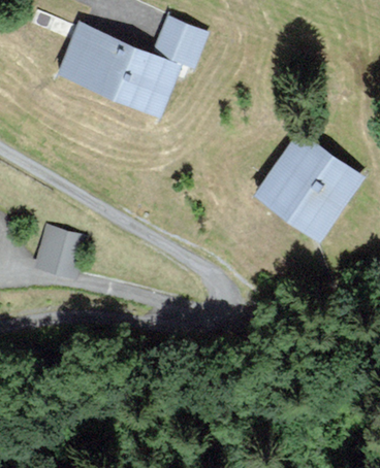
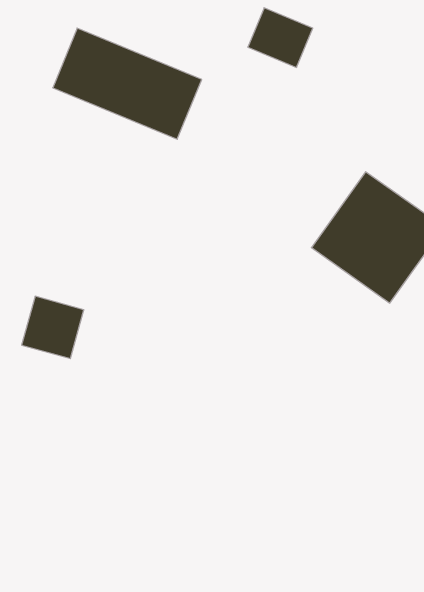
building: [154,20,203,65] -> [248,8,313,67]

